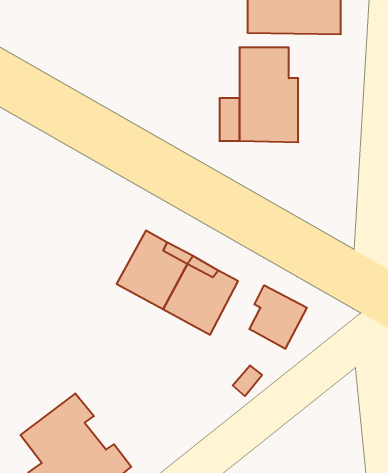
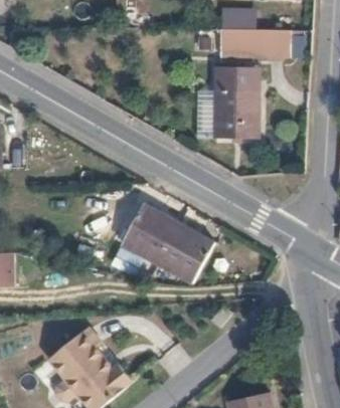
building: [249,285,307,349] -> none

